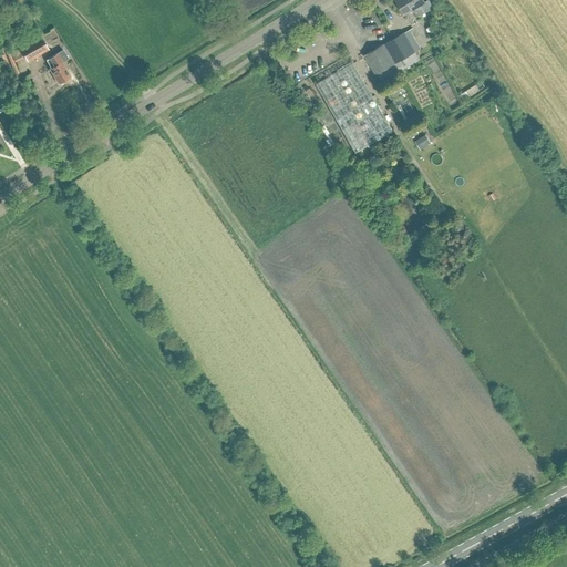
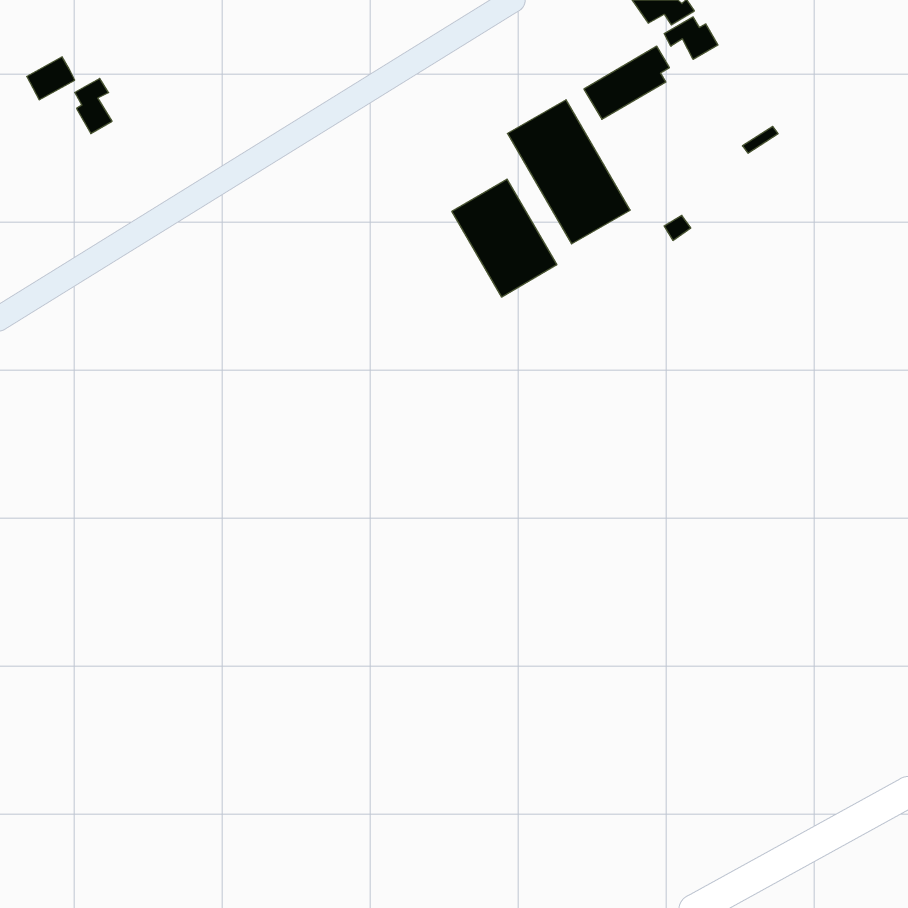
building: none -> [664,17,718,59]
building: none -> [452,179,557,297]

